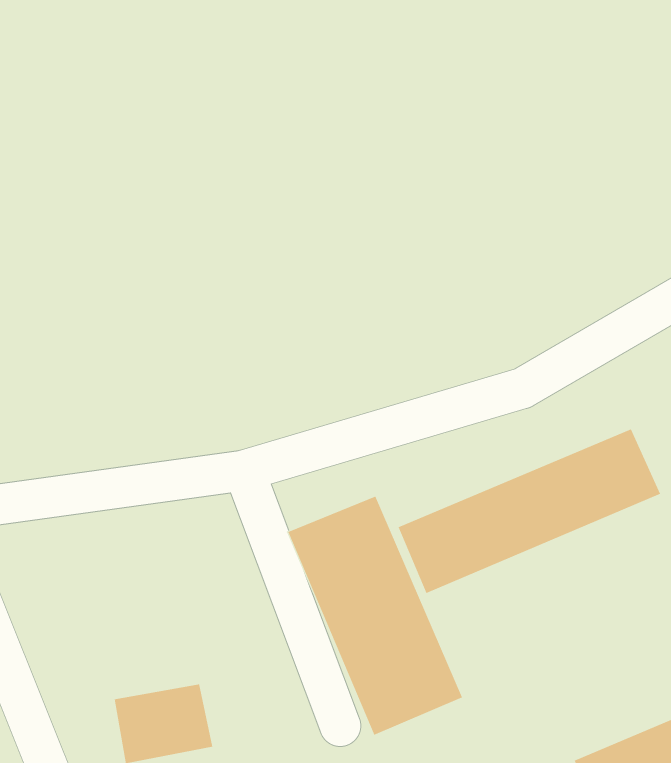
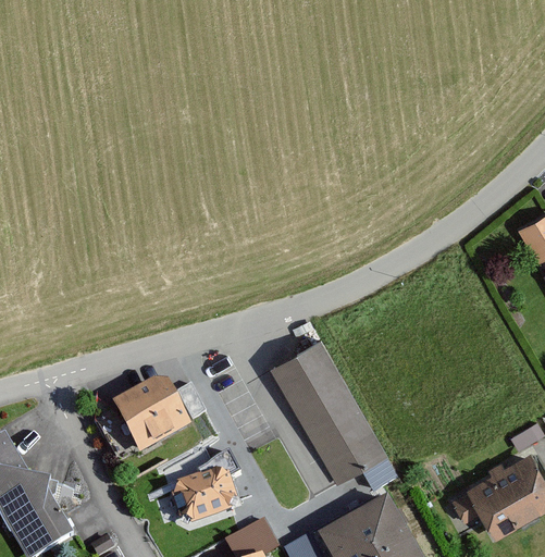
building: [398,428,661,594] -> none
building: none -> [111,376,203,453]

